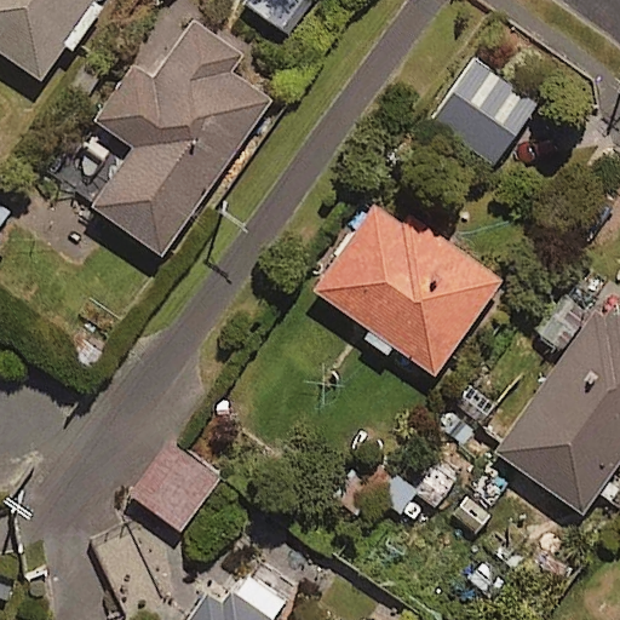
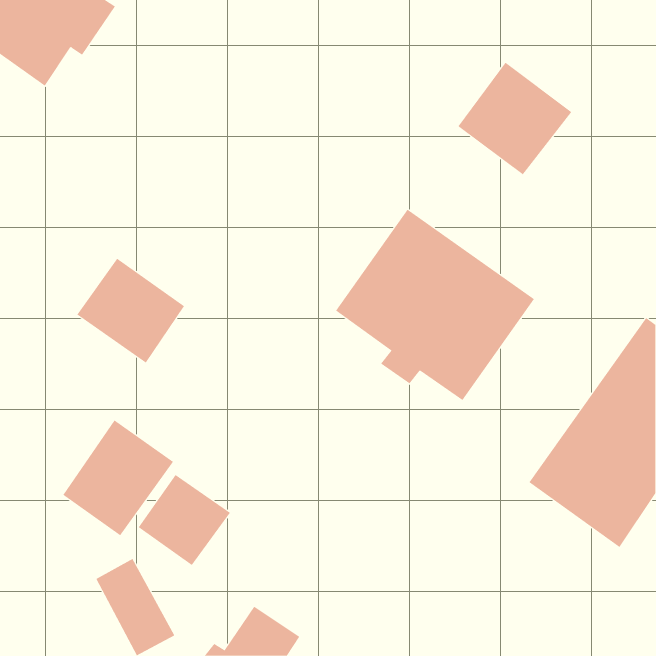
building: [92,22,271,257] -> none
building: none -> [76,258,185,364]
building: none -> [62,419,174,536]

